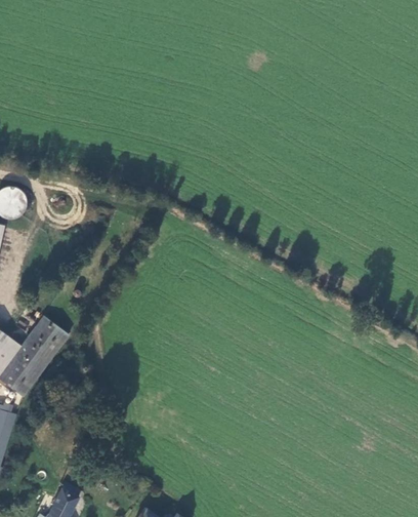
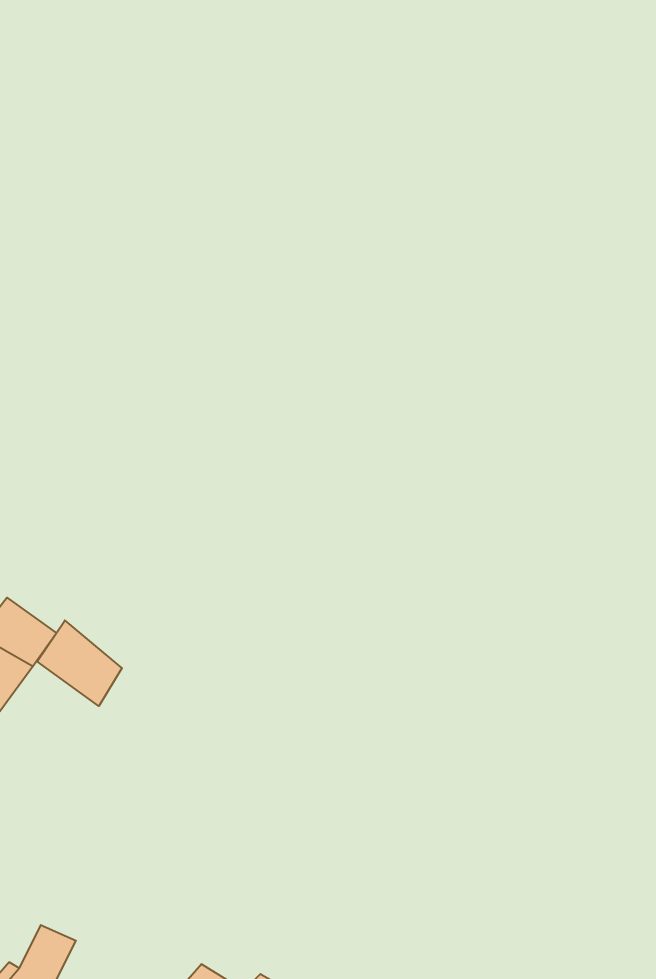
building: none -> [37,620,122,706]

